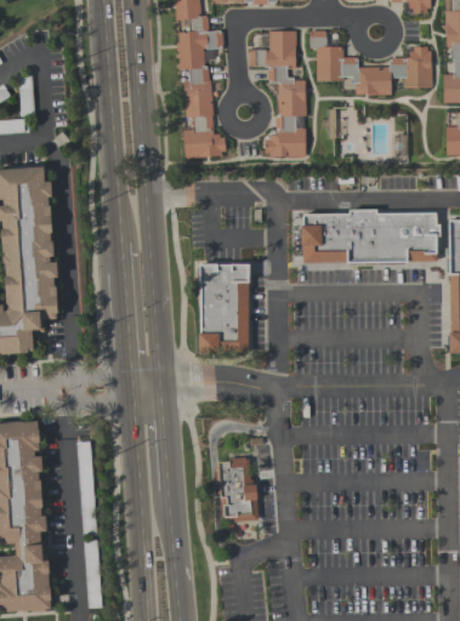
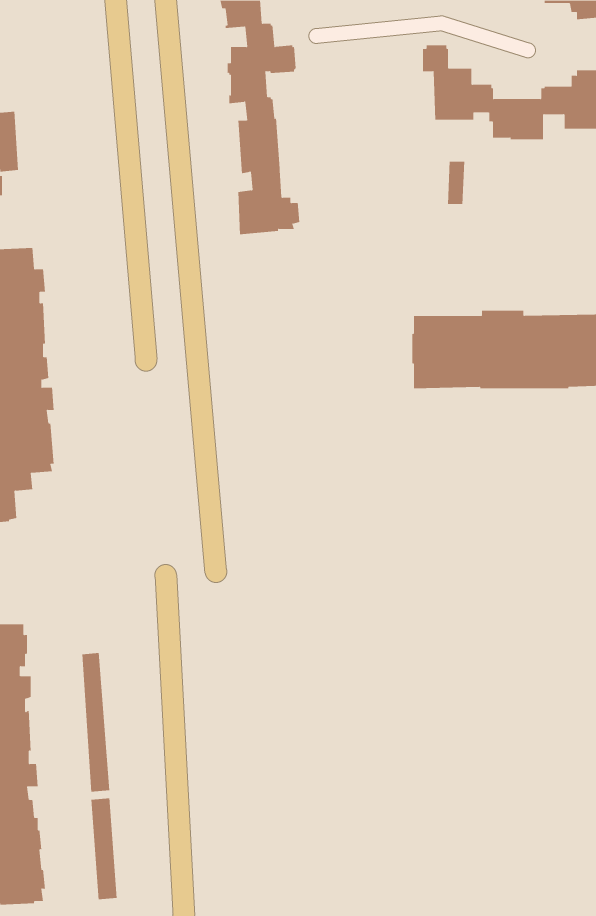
building: [249,30,306,158] -> none
building: [199,264,249,354] -> none
building: [215,457,259,522] -> none

